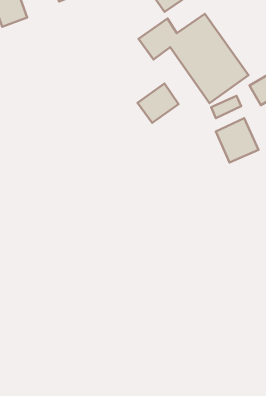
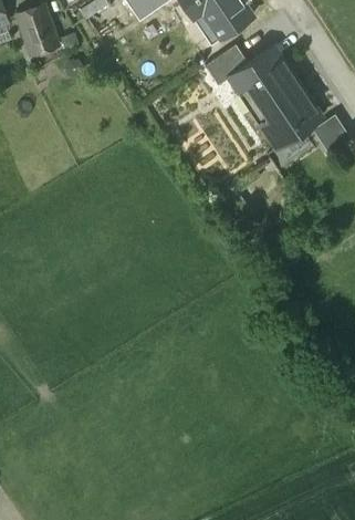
building: [137,83,179,123] -> none
building: [216,118,259,163] -> none

